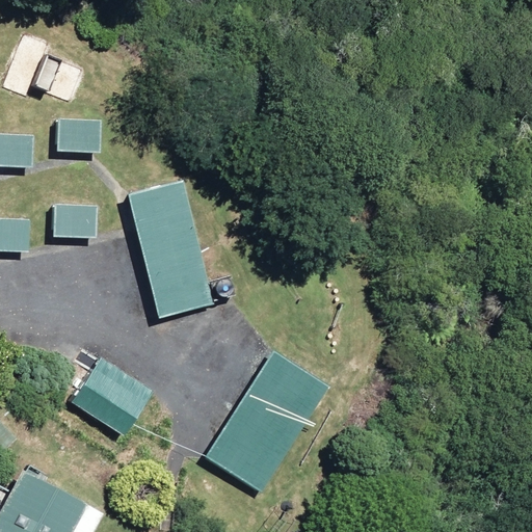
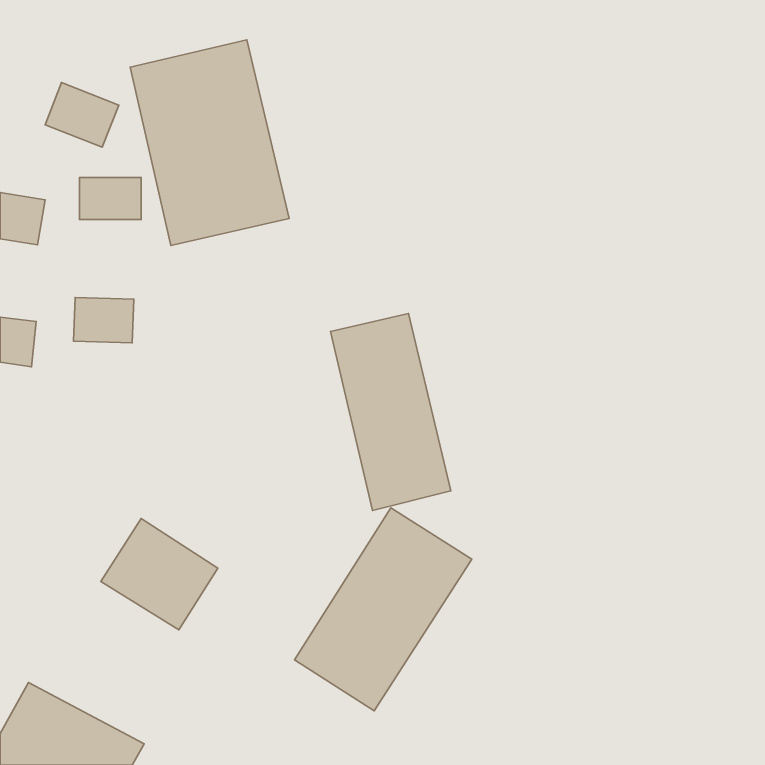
building: none -> [130,40,289,245]
building: [127,182,210,318] -> [331,314,451,511]

